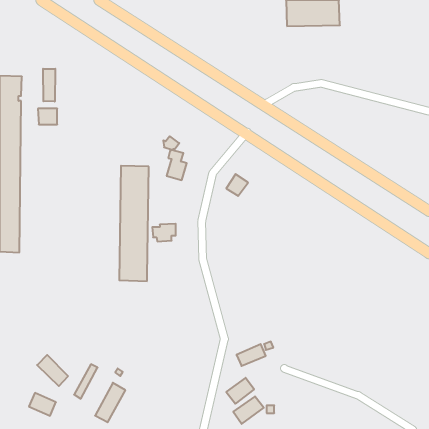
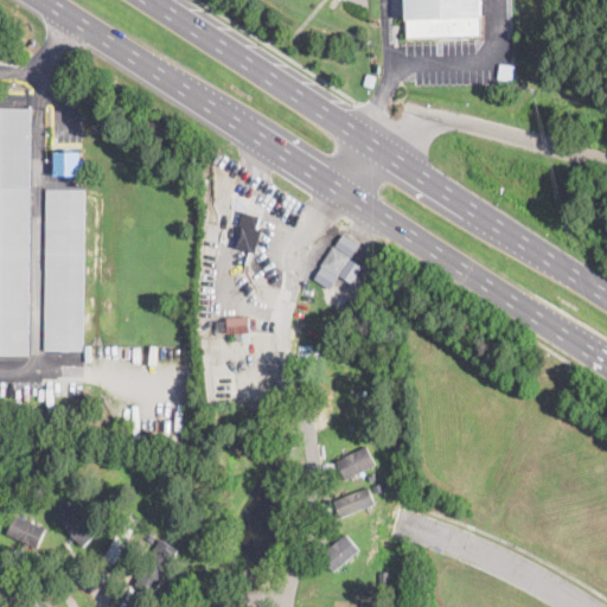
building: [43,69,55,102] -> none
building: [119,166,149,281] -> [44,190,85,352]
building: none -> [336,451,368,480]
building: [29,393,56,416] -> [7,515,45,547]
building: [233,396,264,424] -> none

